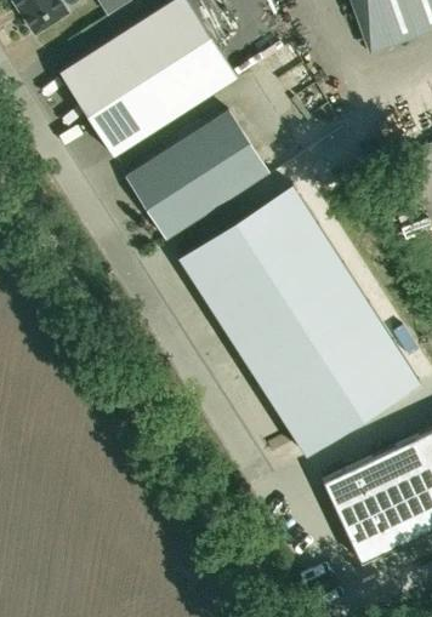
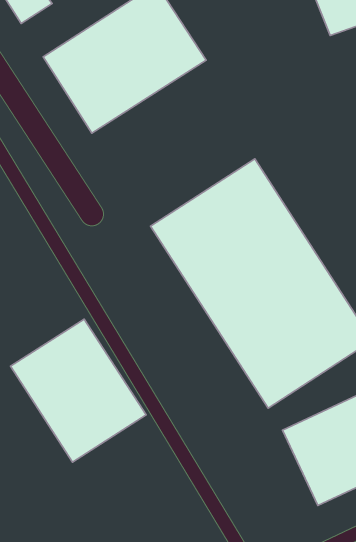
building: [126,112,269,241] -> none
building: none -> [11,319,146,462]

